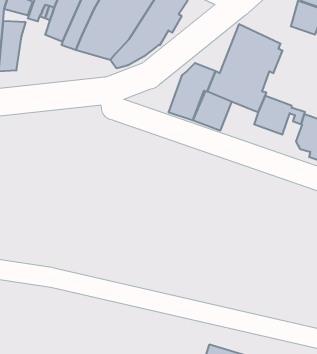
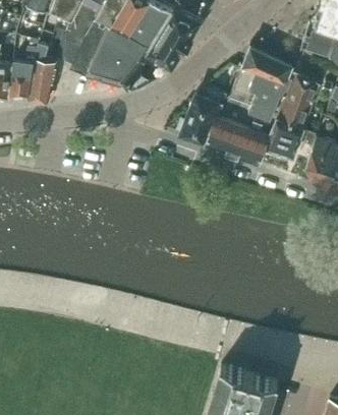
building: none -> [25,42,56,102]
building: none -> [272,74,317,129]
building: none -> [230,125,268,164]

